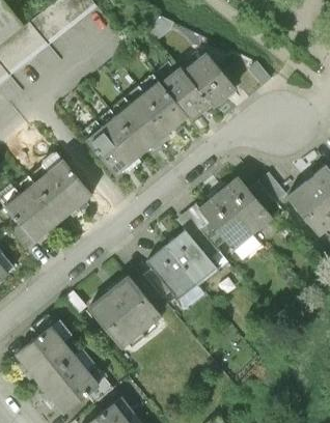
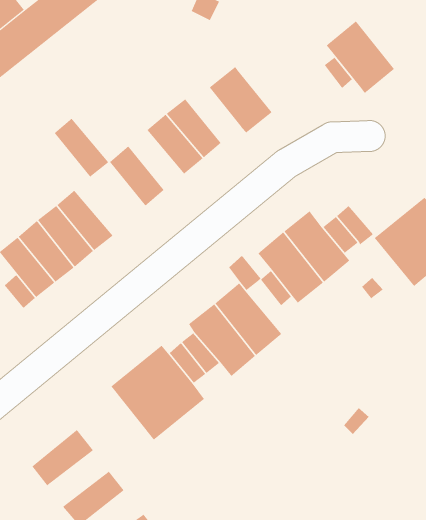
building: [185,53,237,108] -> [326,21,395,94]
building: [145,82,187,126] -> none
building: [103,117,144,162] -> [54,118,109,177]
building: [18,327,64,369] -> none
building: [42,357,88,399] -> none

